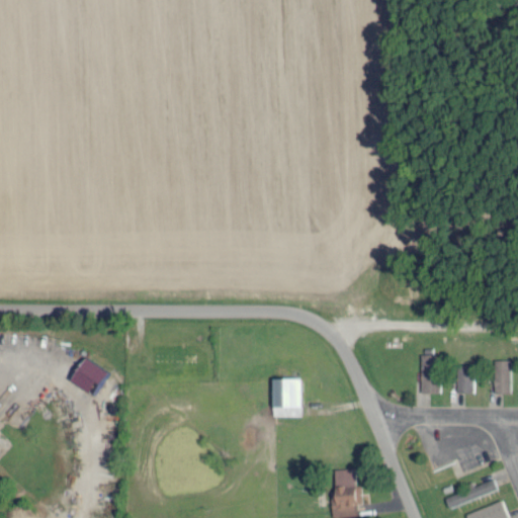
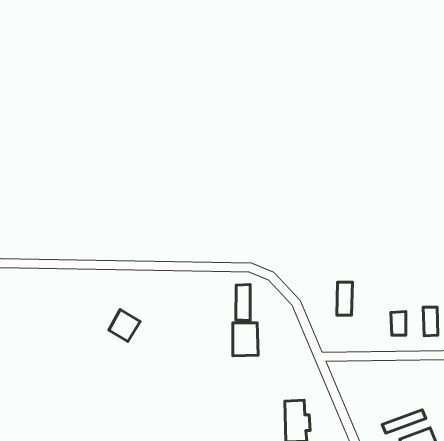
building: none -> [236,285,250,320]
building: [419,355,437,394] -> [337,282,352,315]
building: [70,358,106,396] -> [109,309,140,342]

